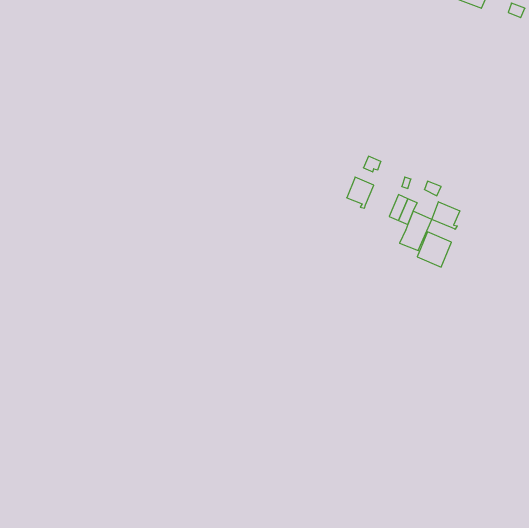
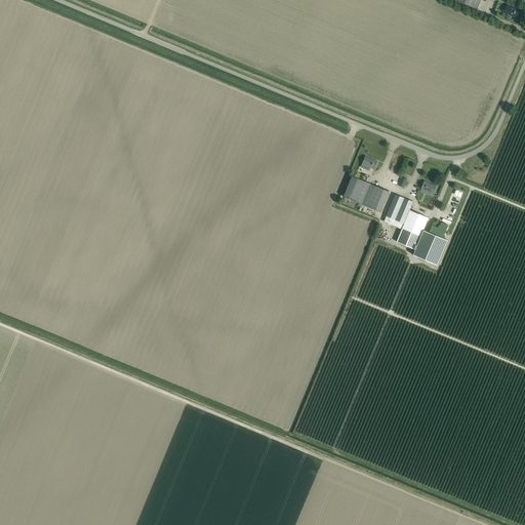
building: none -> [362,184,389,211]
building: [432,202,460,229] -> none

